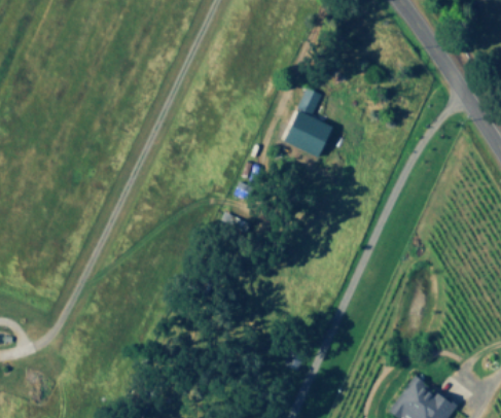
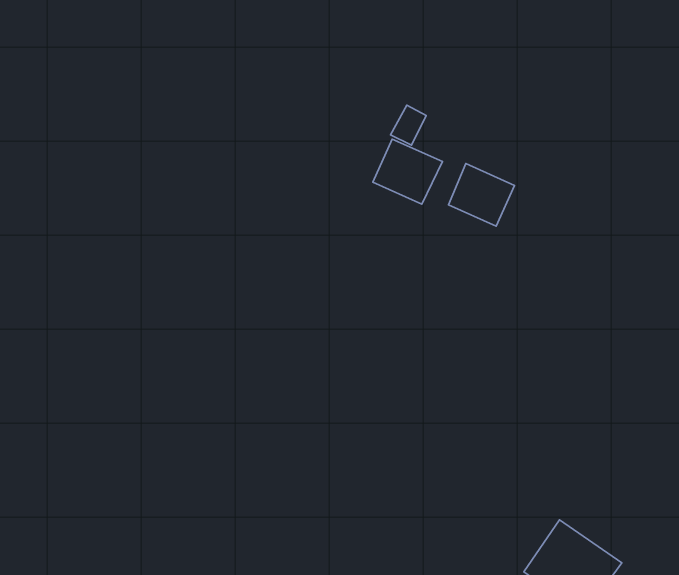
building: none -> [449,163,514,226]

